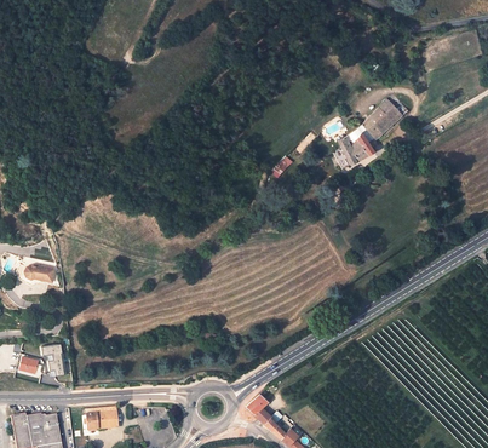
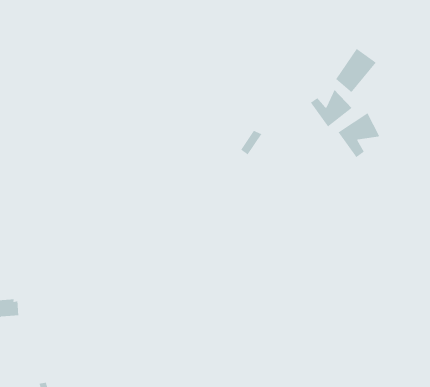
building: none -> [338,112,380,158]

